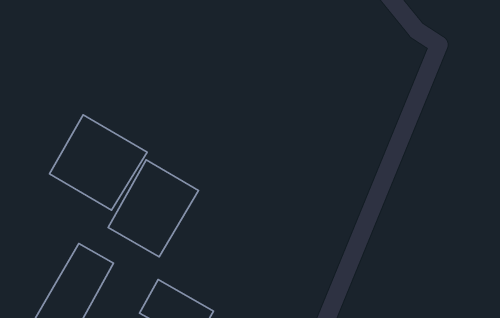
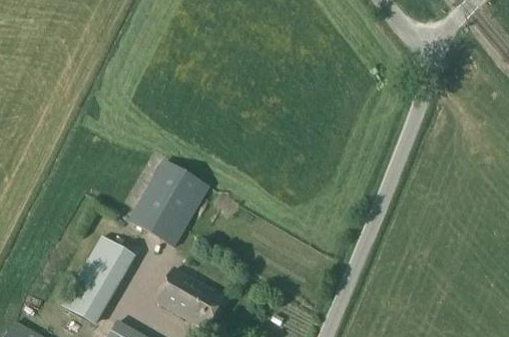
building: [49,115,147,210] -> none

